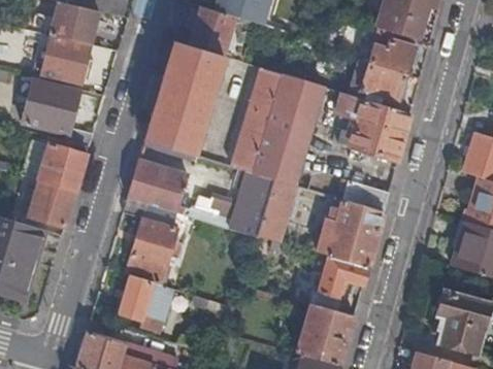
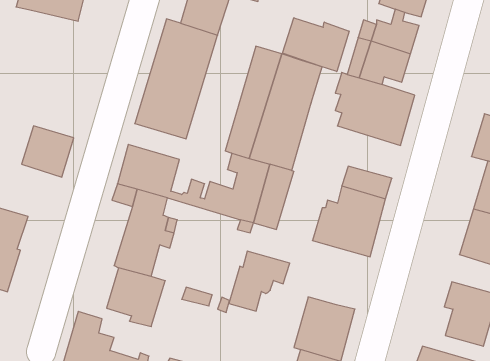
building: [42,34,92,82] -> none
building: none -> [282,18,349,72]
building: [23,77,95,146] -> none
building: [28,179,76,228] -> none
building: [310,256,368,312] -> [229,251,290,311]

